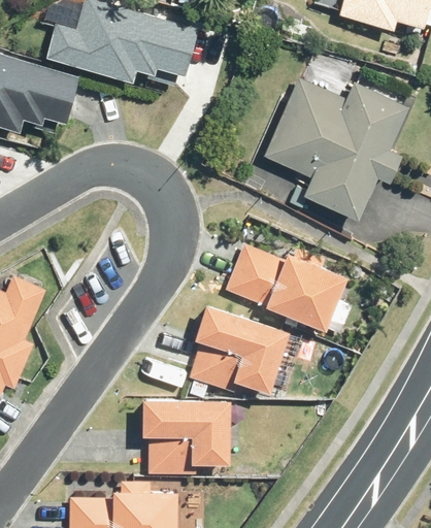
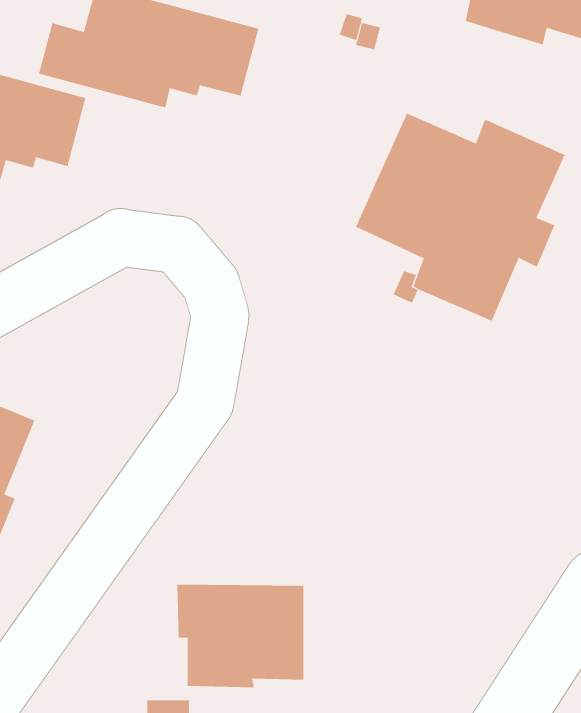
building: [225,243,347,332] -> none
building: [188,306,290,396] -> none

